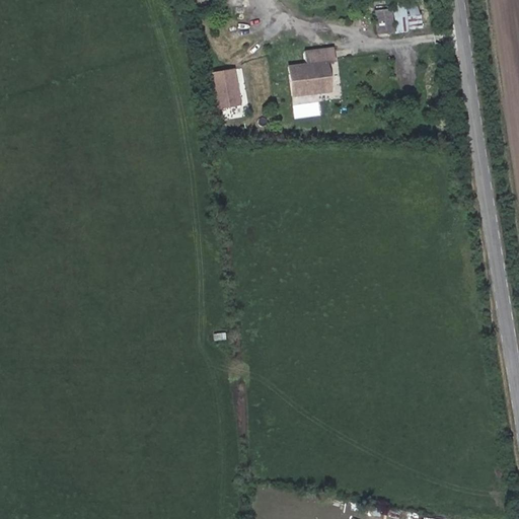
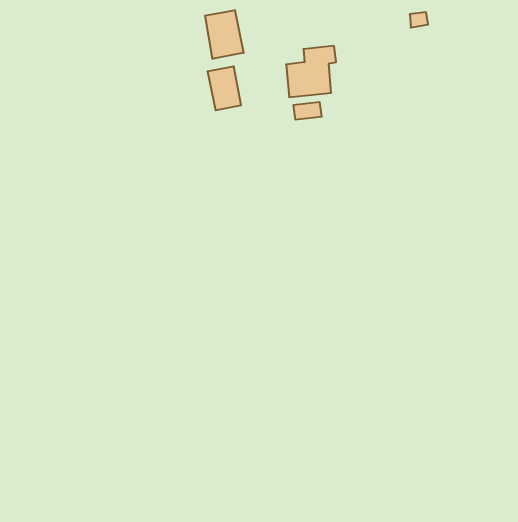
building: none -> [205,10,244,59]
building: [376,10,395,34] -> none

